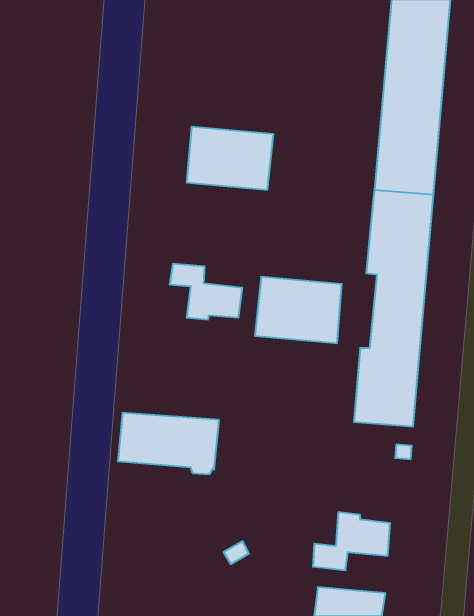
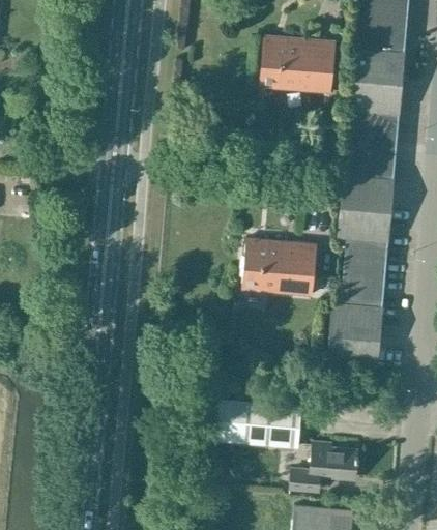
building: [187,127,273,190] -> [261,38,336,92]
building: [170,264,242,320] -> none
building: [118,413,219,474] -> [216,396,303,449]

